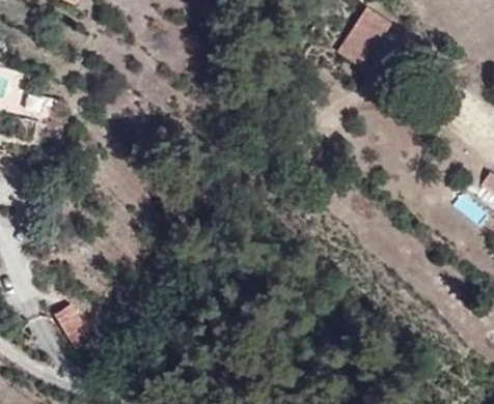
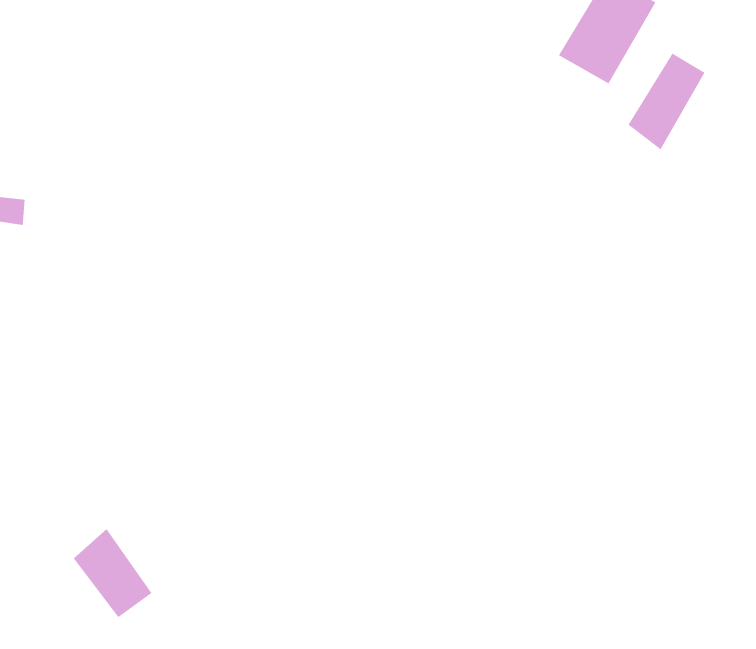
building: none -> [628,53,706,151]

